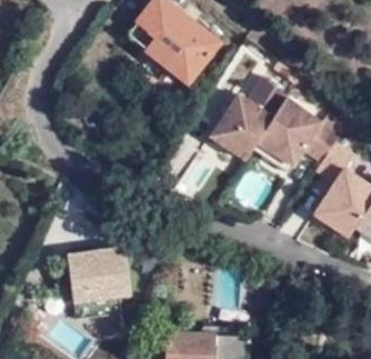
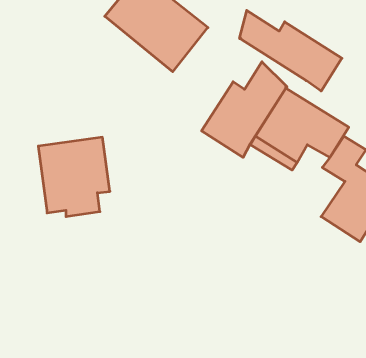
building: none -> [240,10,342,91]
building: [66,250,129,320] -> [38,137,110,217]

